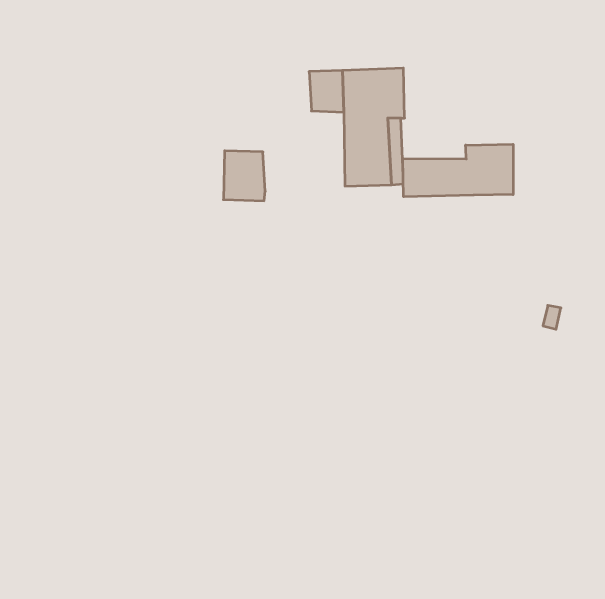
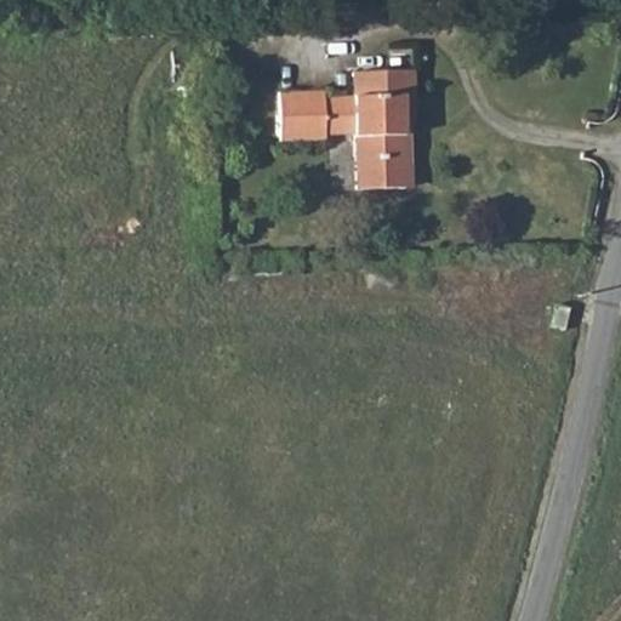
building: [403,144,513,197] -> none
building: [223,151,265,201] -> [279,82,321,133]

